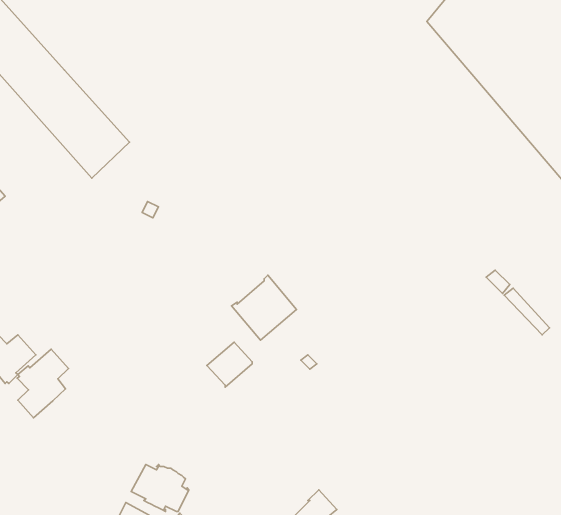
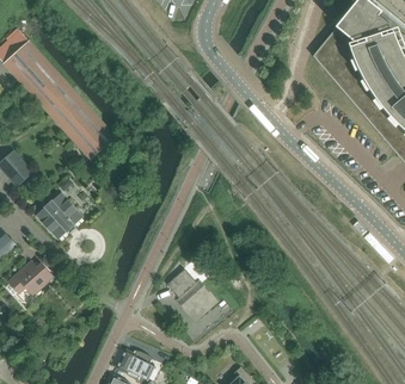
building: none -> [37,192,84,239]
building: [232,275,297,340] -> [176,278,219,321]
building: [17,349,68,418] -> none

